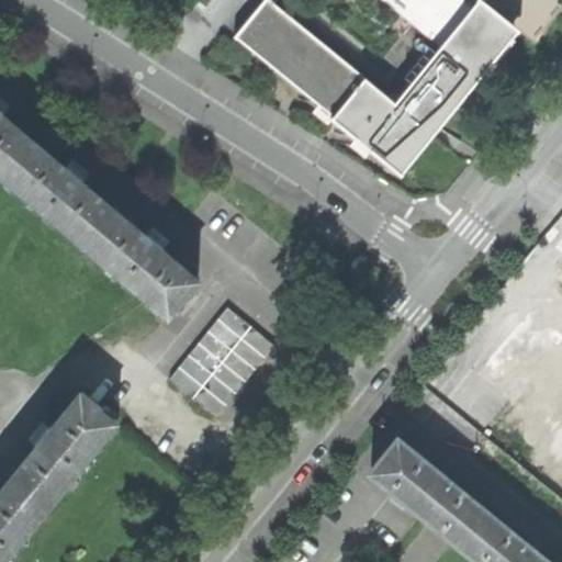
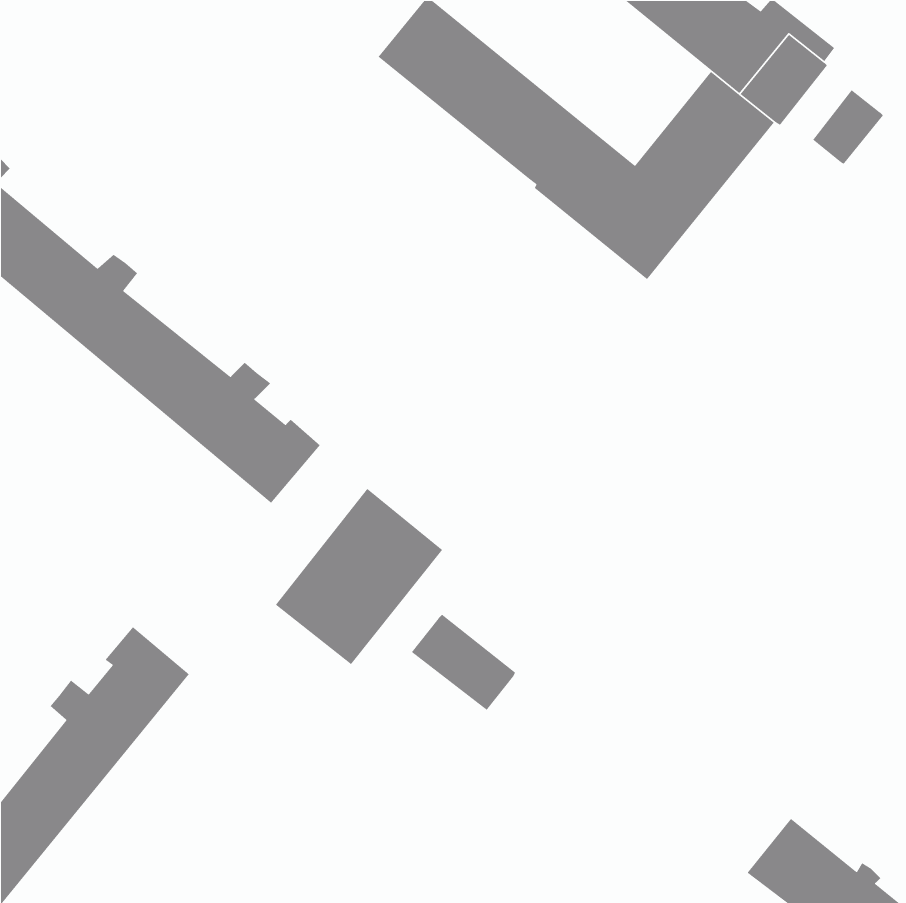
building: none -> [812,89,884,165]
building: none -> [411,614,516,711]
building: [374,437,490,542] -> none

